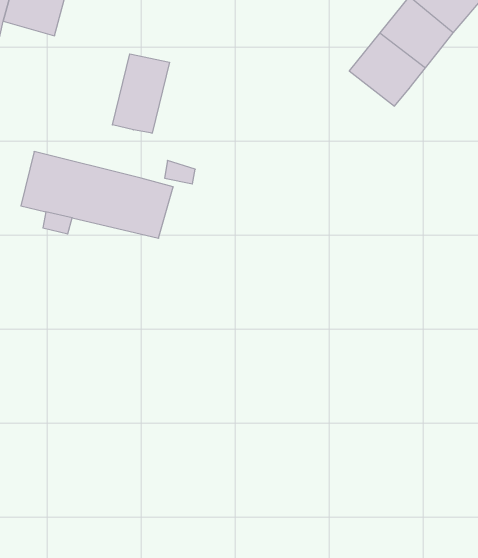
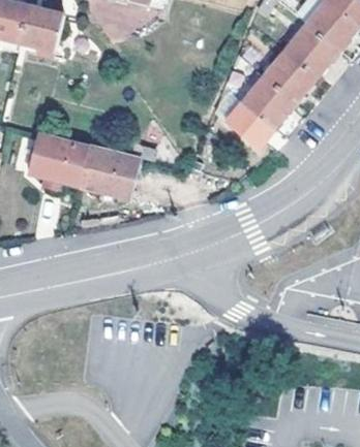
building: [112,54,169,133] -> none
building: none -> [232,77,294,132]

